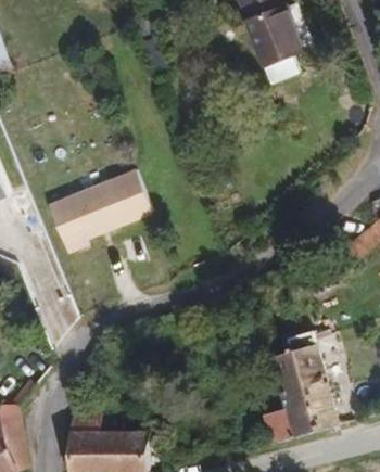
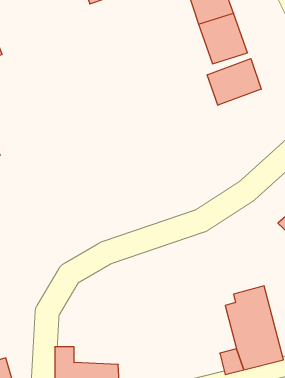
building: none -> [207,59,261,105]
building: [51,152,161,242] -> none

